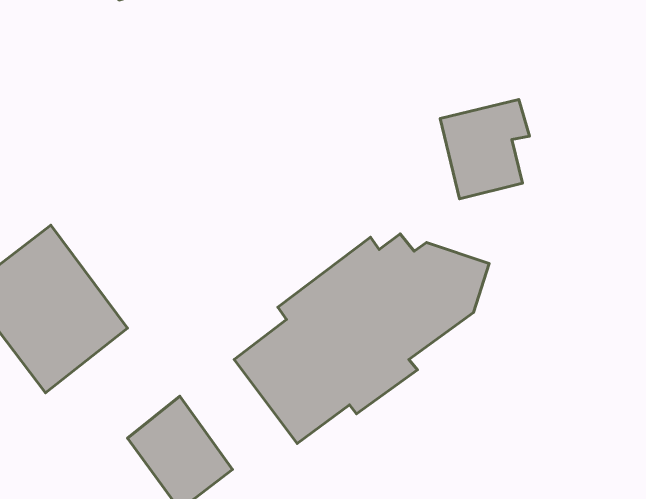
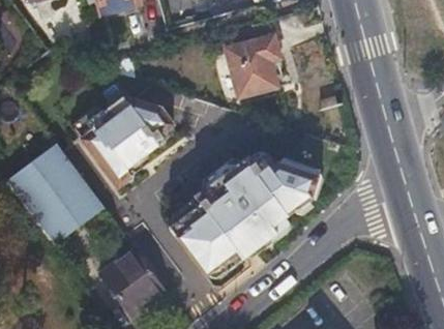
building: [440,99,529,199] -> [227,37,279,96]
building: none -> [70,95,172,188]

